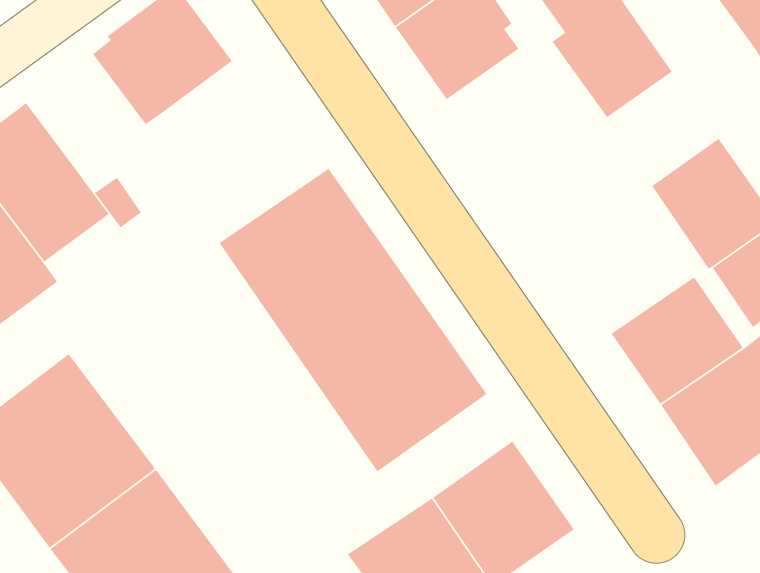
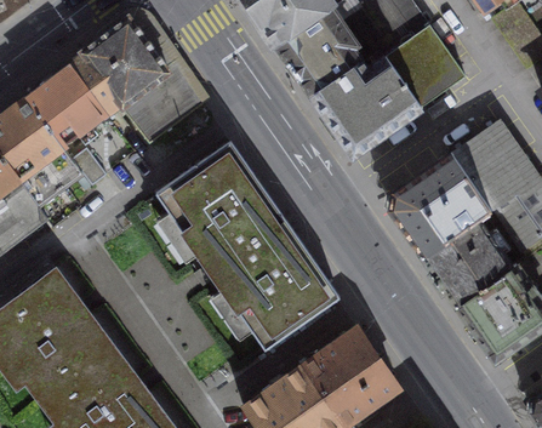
building: none -> [312,55,421,154]
building: none -> [25,63,107,144]
building: none -> [119,63,204,142]
building: none -> [390,153,490,253]

